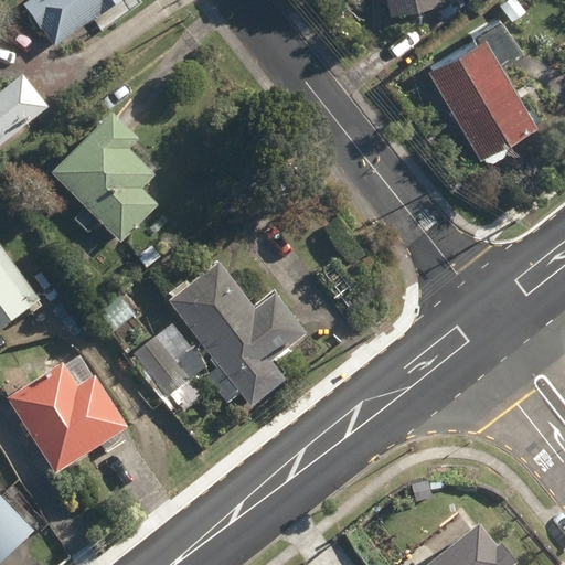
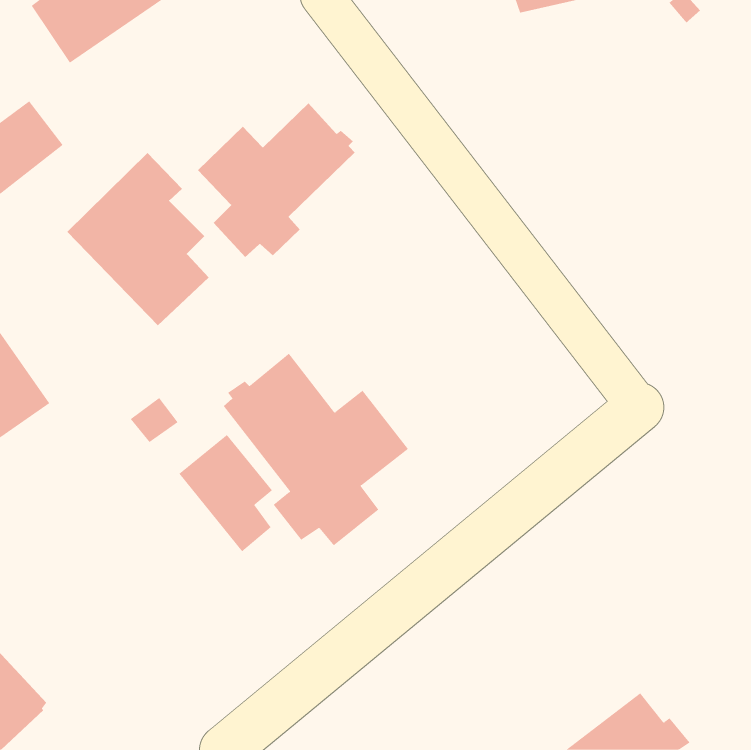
building: [429,15,536,158] -> none
building: none -> [197,102,356,258]
building: [4,358,128,476] -> none

